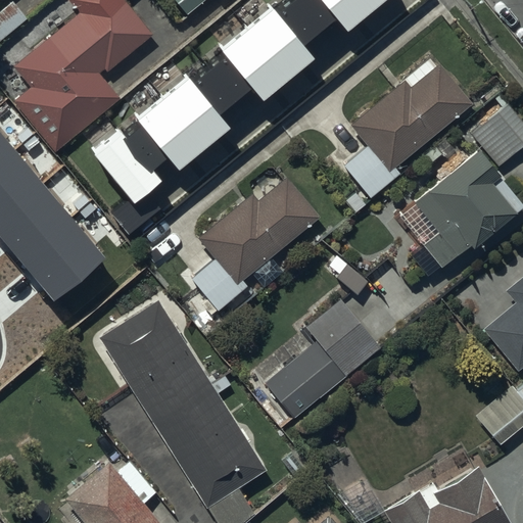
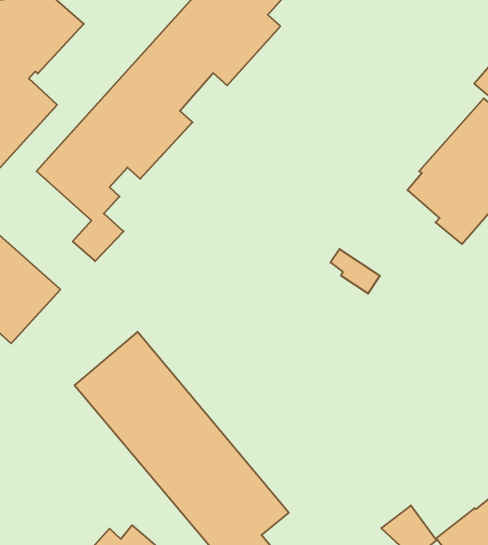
building: [344,63,472,198] -> none
building: [191,177,320,316] -> none
building: [266,299,380,418] -> none

